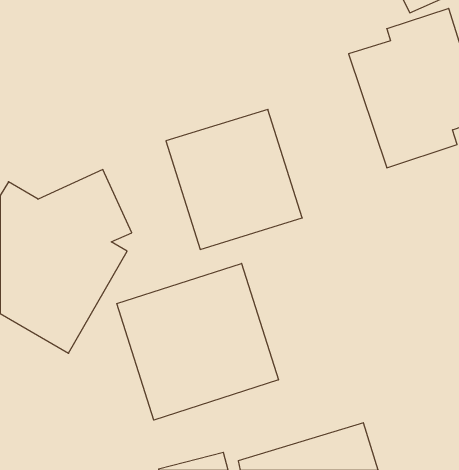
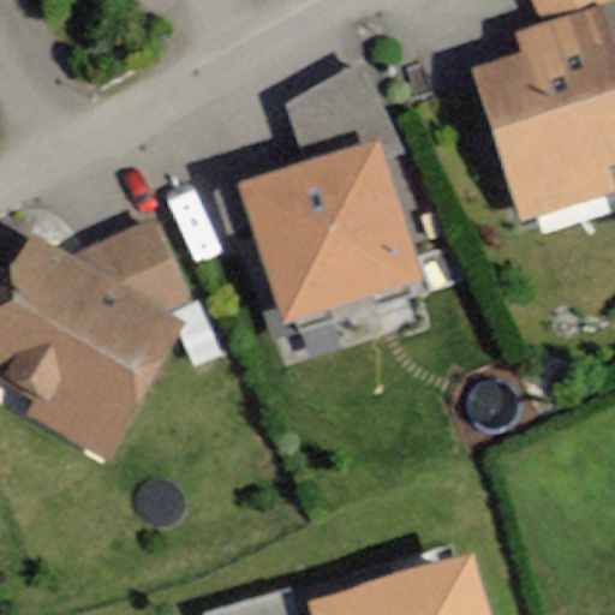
building: [117,263,278,420] -> none

